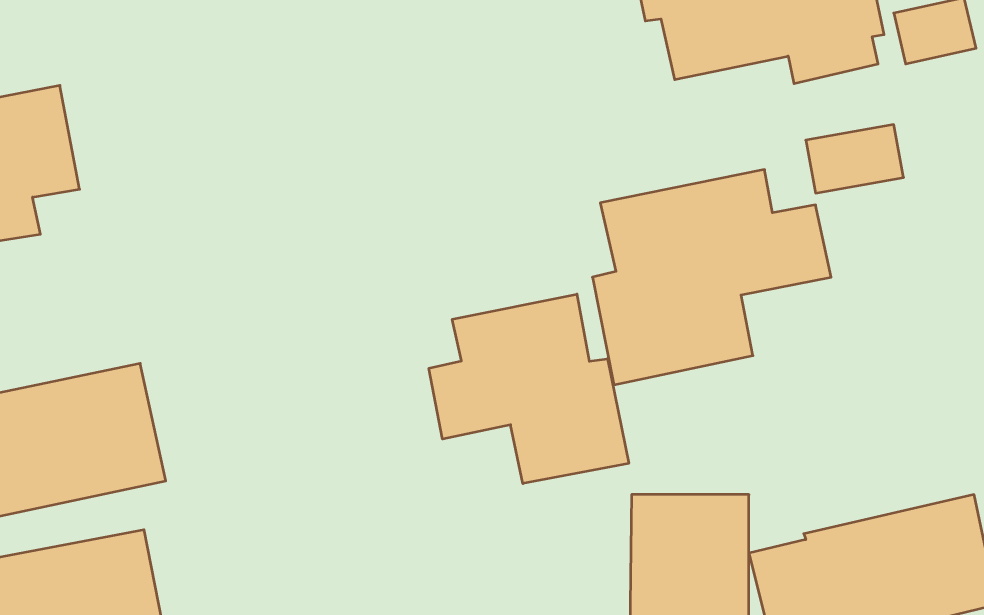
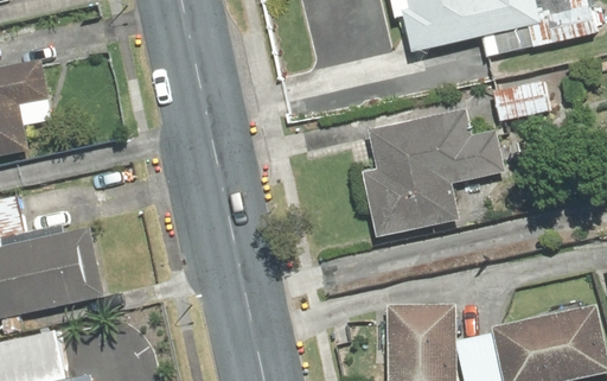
building: [429,294,629,484] -> none

